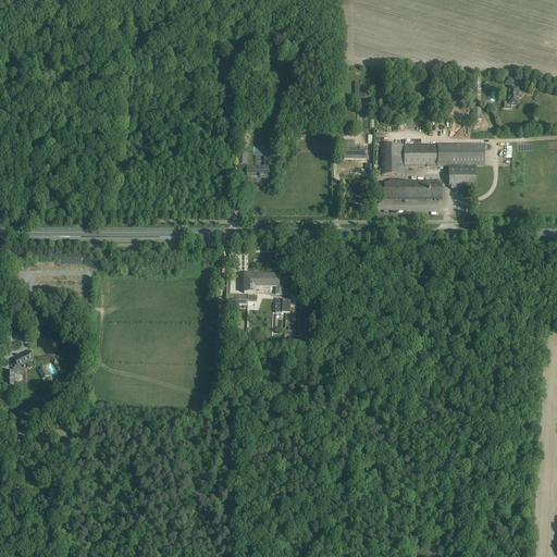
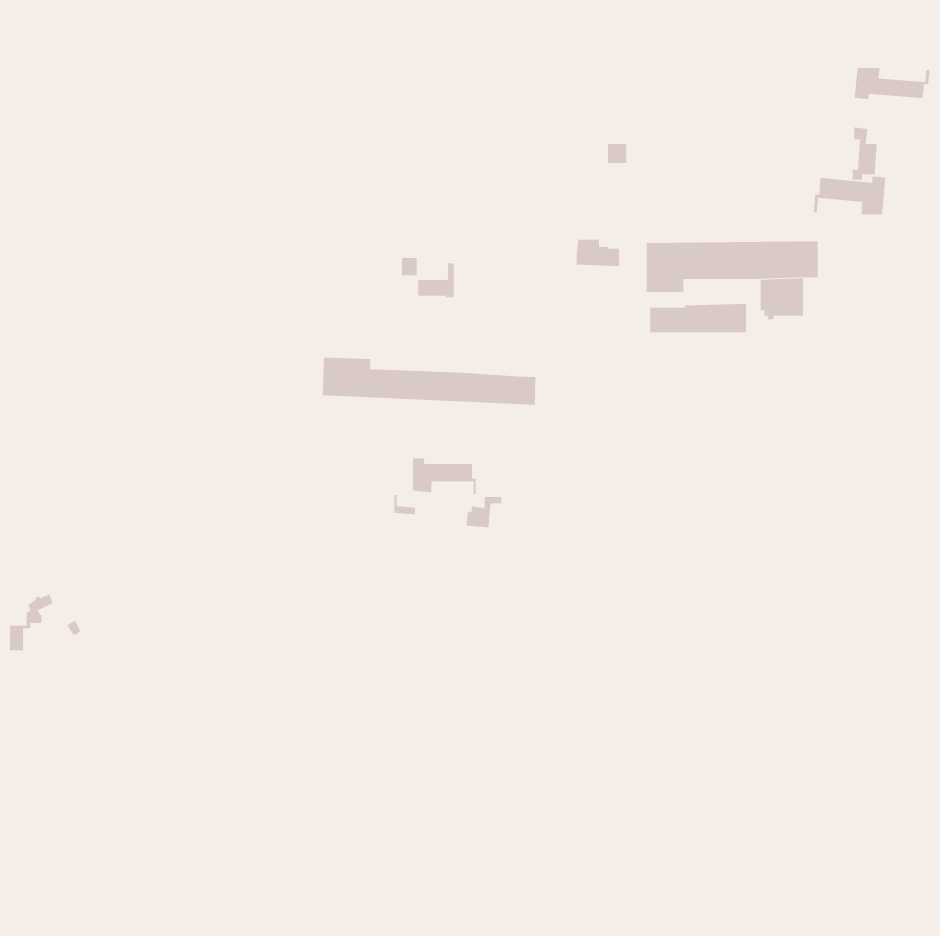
building: none -> [854,67,930,100]
building: none -> [813,176,886,215]
building: none -> [322,357,536,405]

